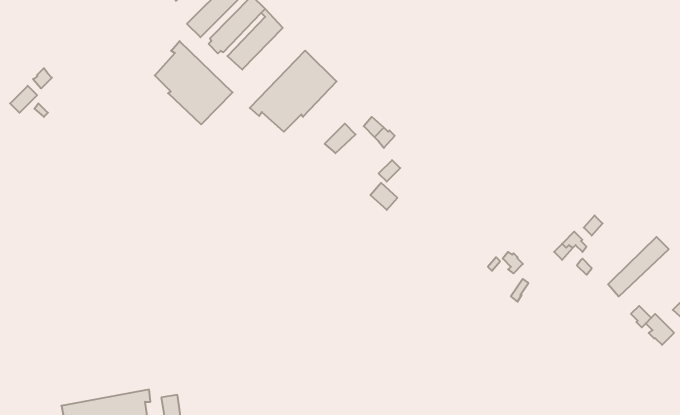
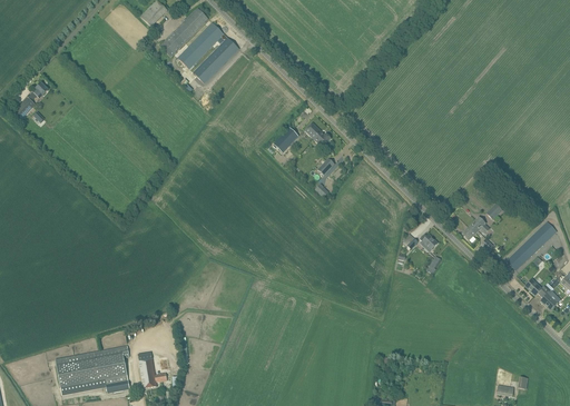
building: [155,41,233,124] -> none
building: [250,51,337,132] -> none

